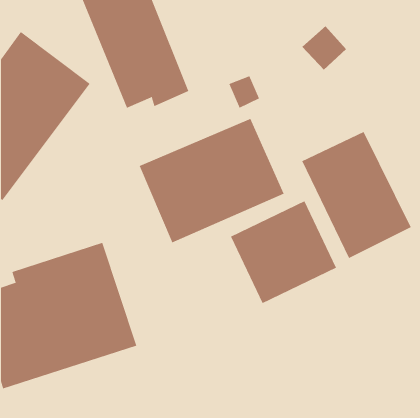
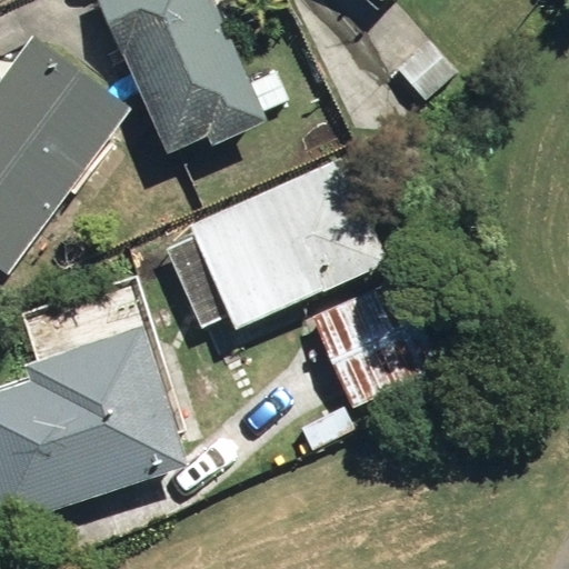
building: [301,131,412,259] -> none

